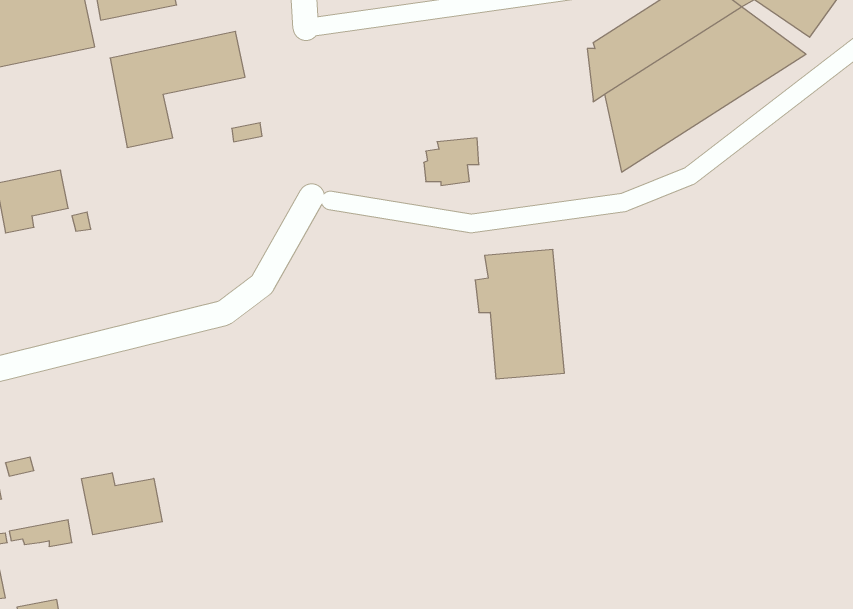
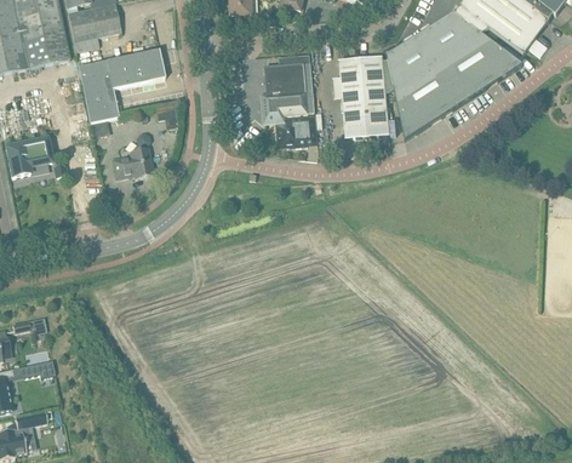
building: none -> [263,62,315,120]
building: none -> [111,132,153,178]
building: [475,250,564,379] -> [332,56,389,138]
building: [82,473,162,535] -> none

